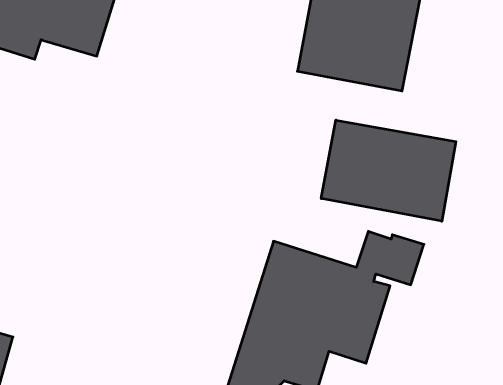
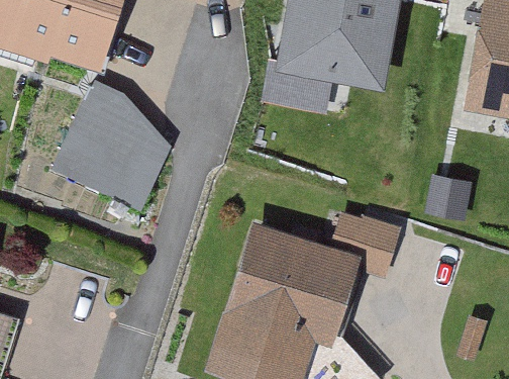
building: none -> [50,86,166,208]
building: [321,120,456,221] -> none

